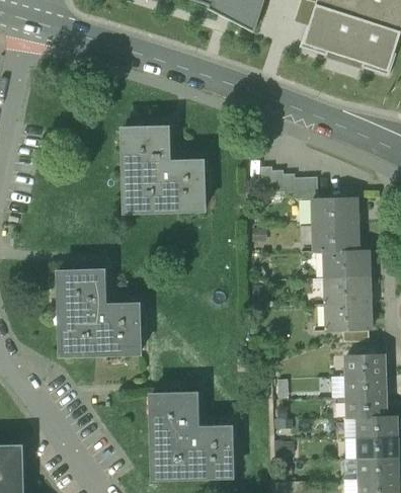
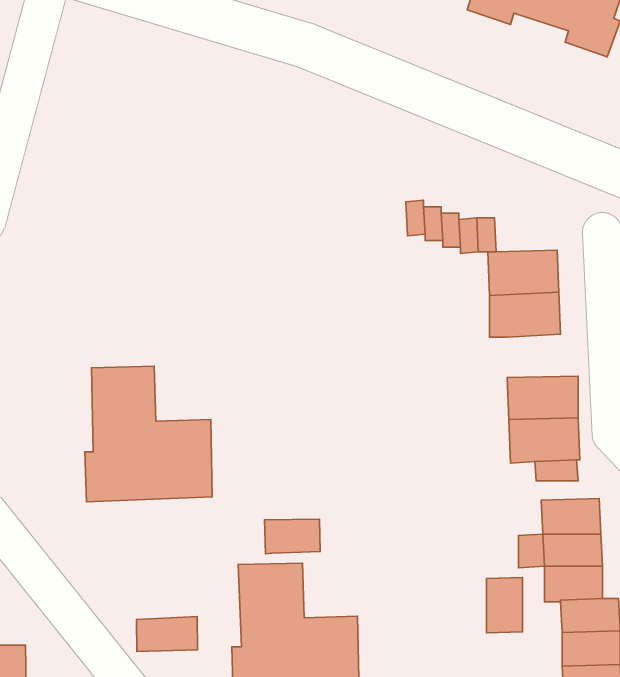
building: [124,127,204,211] -> none
building: [325,248,370,276] -> none
building: none -> [265,519,320,554]
building: none -> [486,578,523,633]
building: none -> [137,617,197,651]

